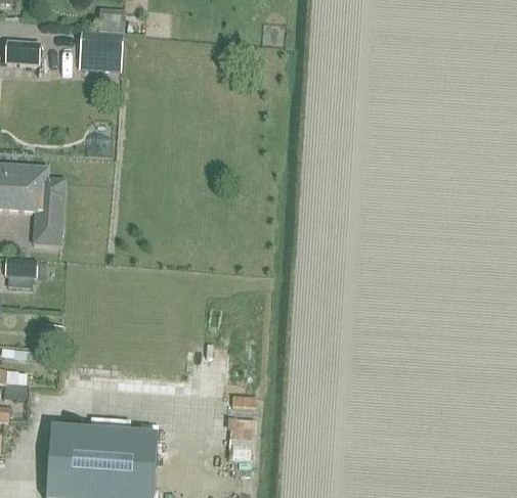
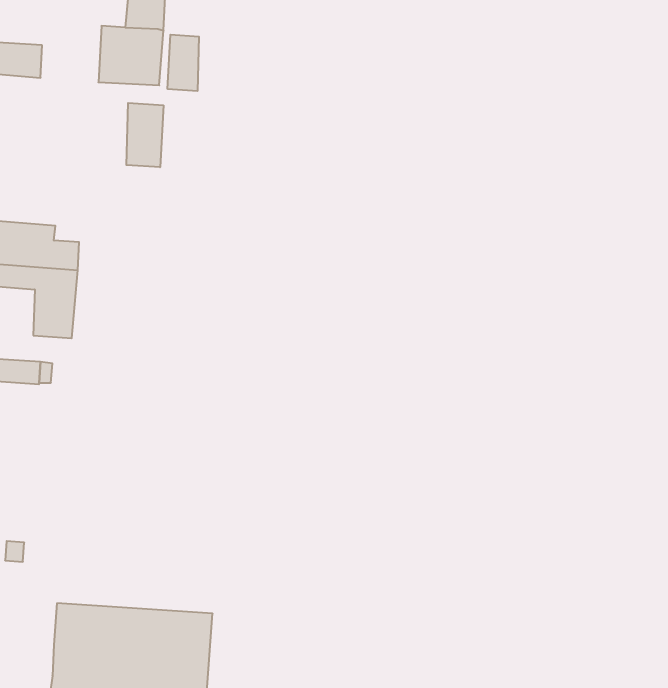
building: none -> [168,35,199,91]
building: none -> [126,103,163,167]

